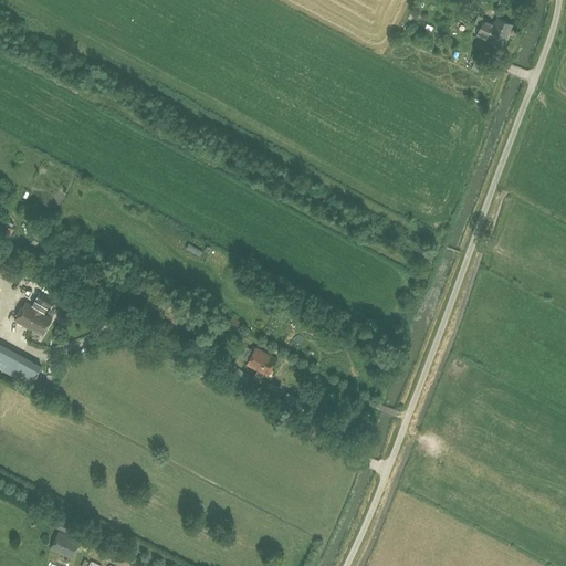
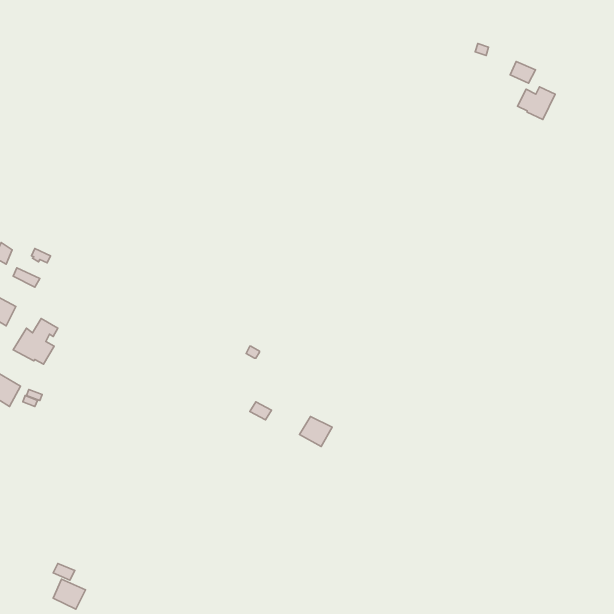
building: [475,19,510,49] -> [518,87,555,119]
building: [244,349,274,377] -> [300,416,332,447]

